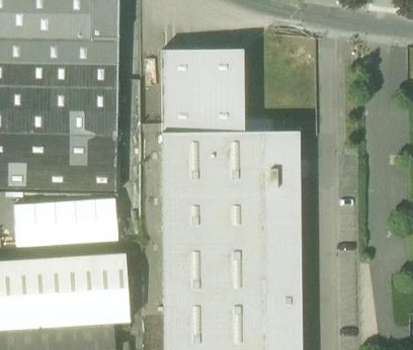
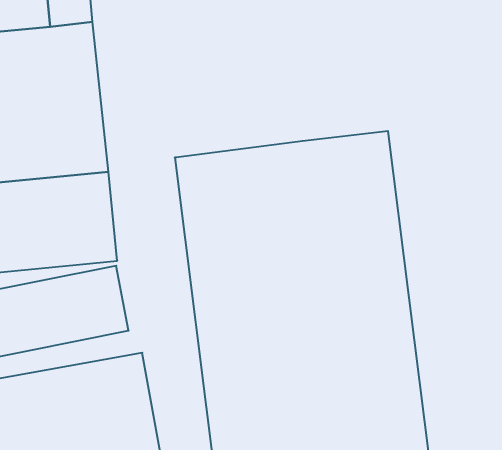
building: [160,49,243,132] -> none

